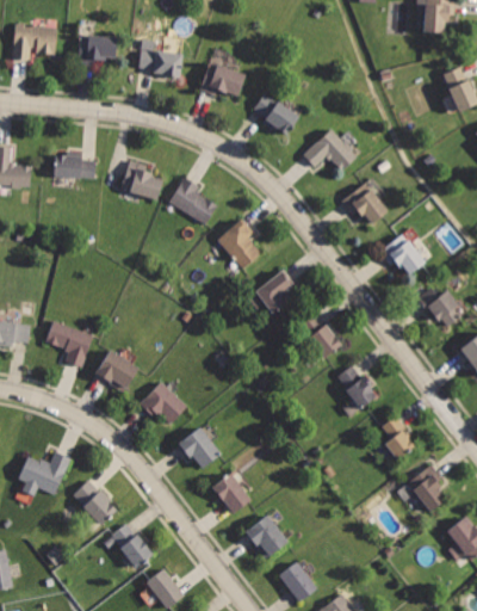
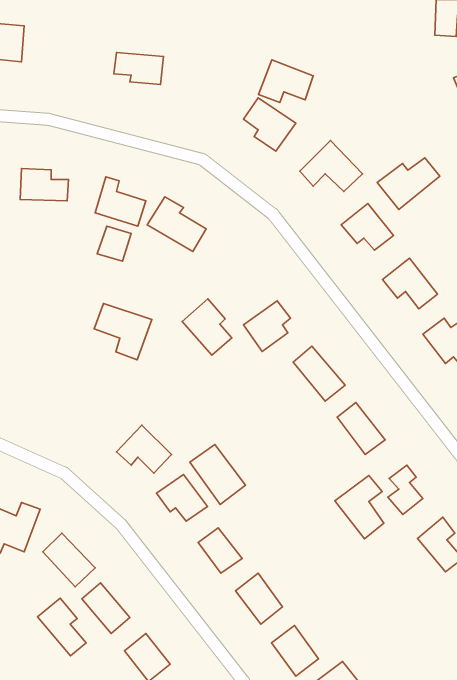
building: [74,32,117,68] -> none
building: [197,61,246,99] -> [258,60,313,102]
building: none -> [377,158,440,209]
building: none -> [97,226,131,261]
building: [216,218,260,269] -> [182,299,232,355]
building: [45,320,97,370] -> [94,304,152,360]
building: [94,350,141,394] -> none
building: none -> [190,445,245,504]
building: none -> [335,476,384,539]
building: none -> [37,598,86,656]

